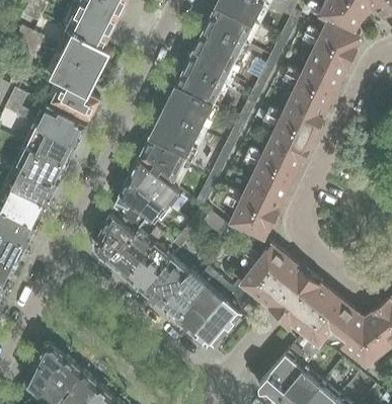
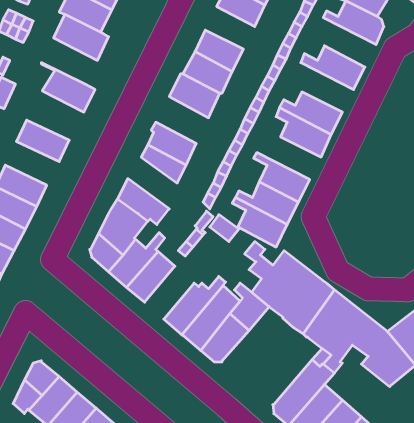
building: [198,26,242,65] -> none
building: [301,36,351,81] -> none
building: [50,55,100,96] -> none
building: [281,77,331,122] -> none
building: [153,107,201,150] -> none
building: [36,108,85,147] -> none
building: [244,144,302,182] -> none
building: [17,148,66,187] -> none
building: [128,161,178,209] -> none
building: [143,260,187,308] -> none

